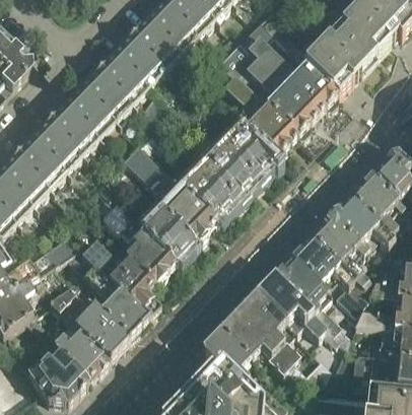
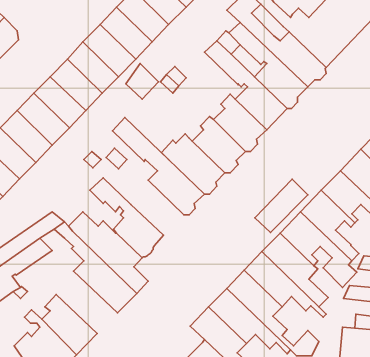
building: [143,201,196,261] -> none
building: none -> [255,179,308,233]
building: [51,283,130,357] -> none

